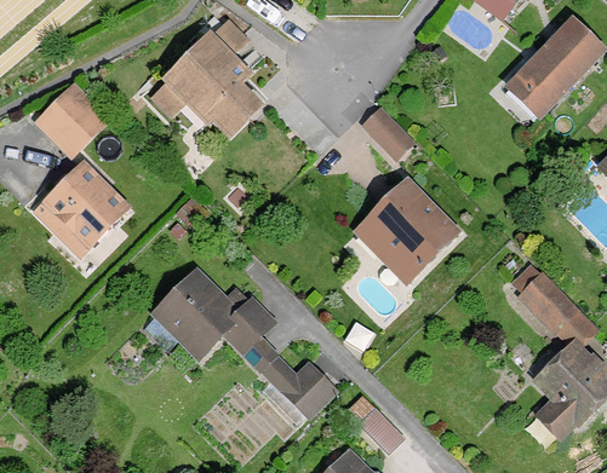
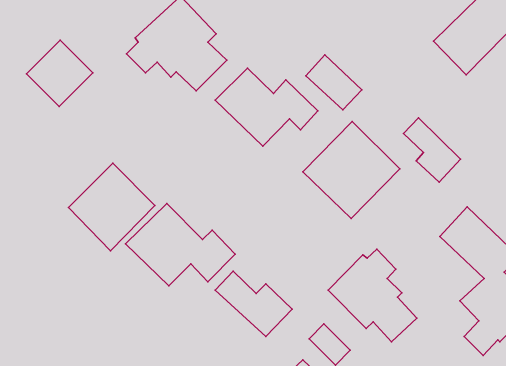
building: none -> [215,68,318,146]
building: [33,157,132,258] -> [68,163,155,251]
building: none -> [404,118,461,182]
building: none -> [328,249,417,342]

